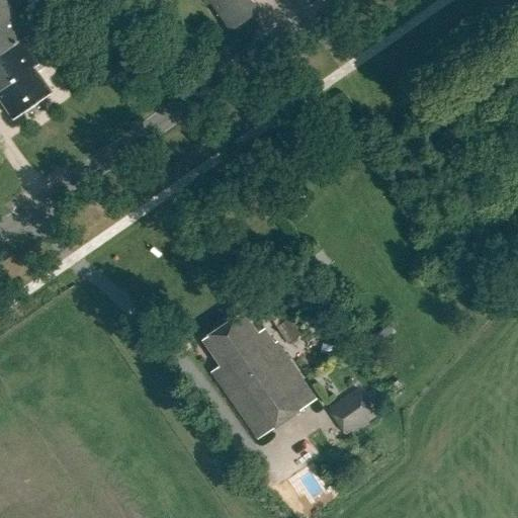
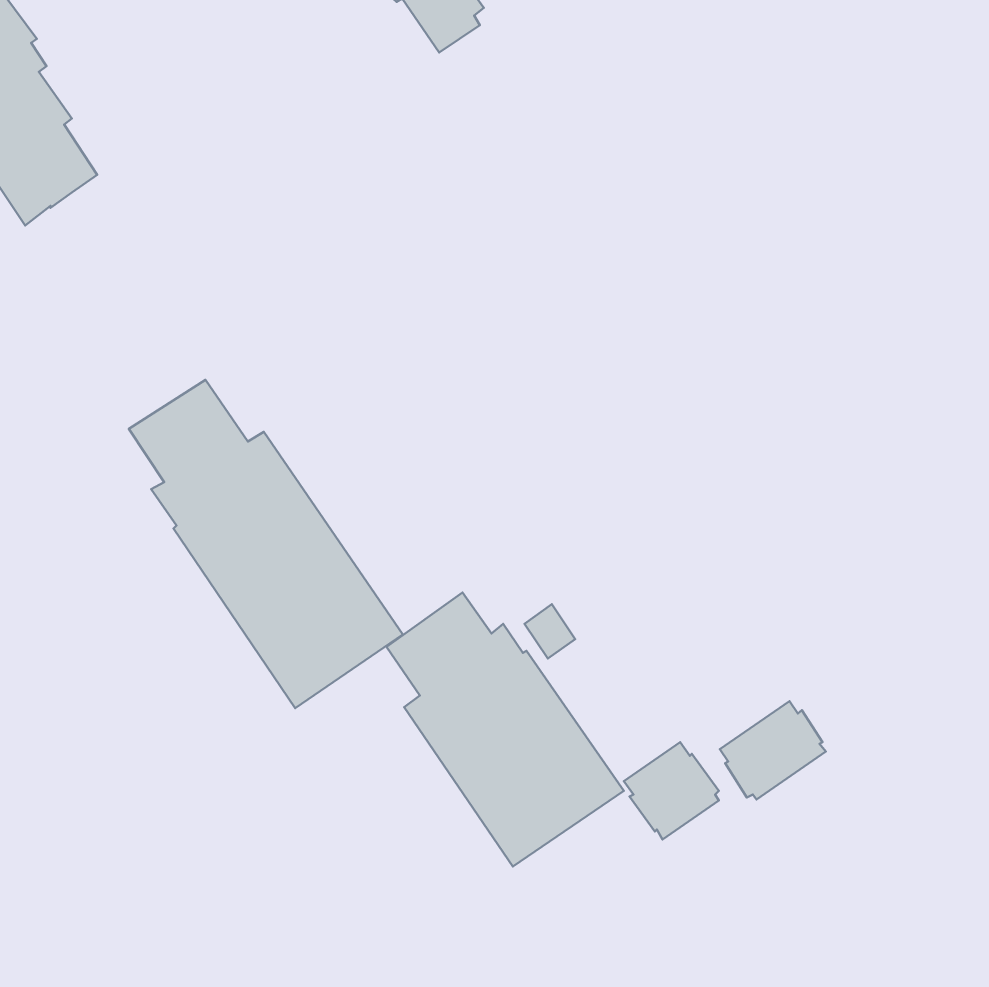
building: none -> [129,380,403,708]
building: none -> [720,701,826,800]

